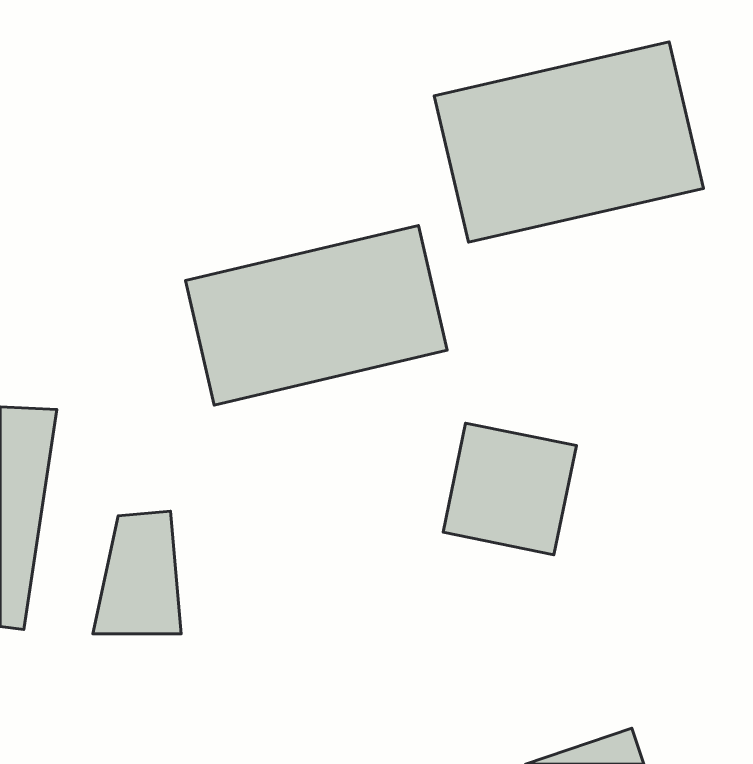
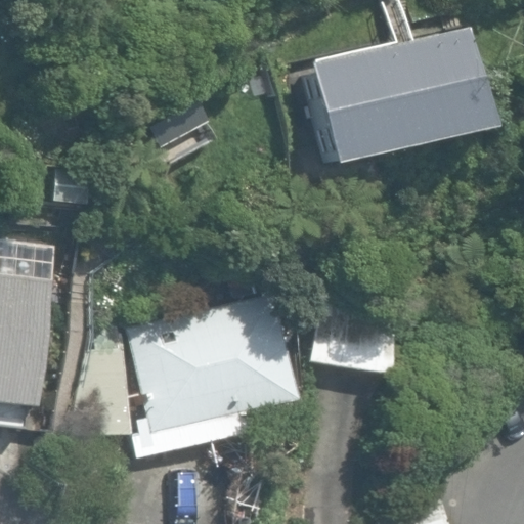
building: [186,226,447,405] -> none
building: none -> [127,293,299,434]

